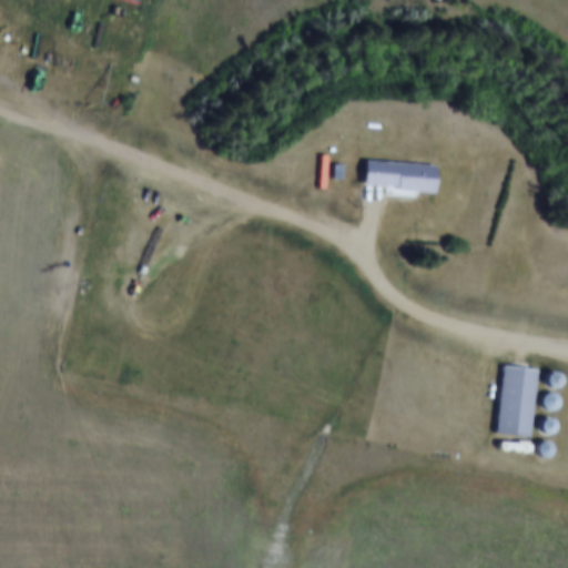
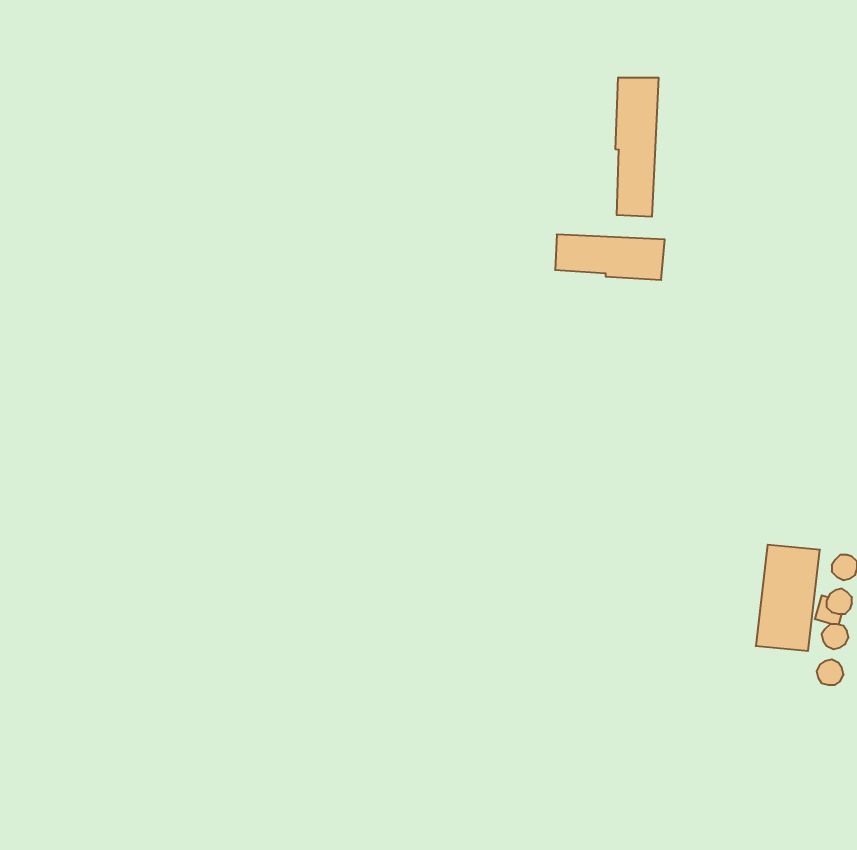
building: none -> [616,77,659,217]

